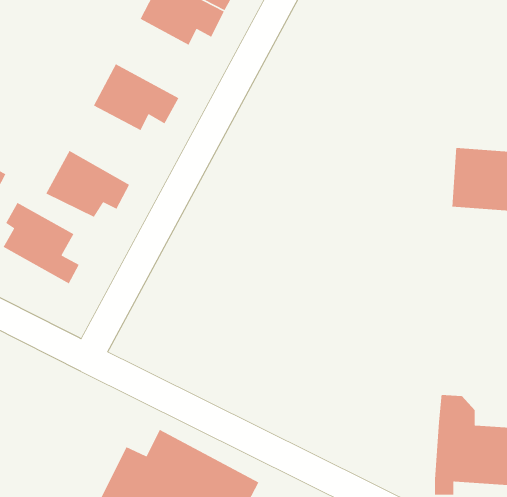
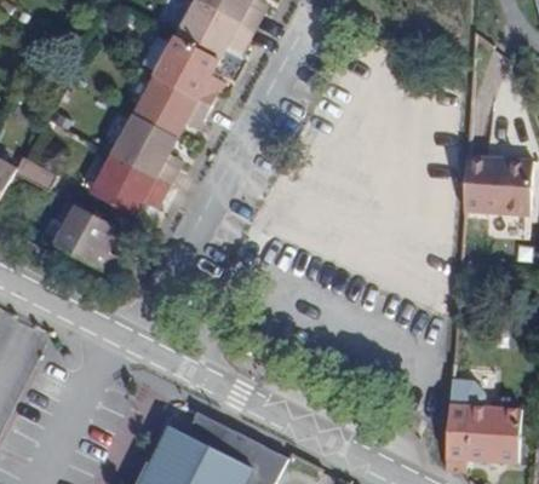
building: none -> [155,38,225,109]
building: none -> [113,116,182,188]

